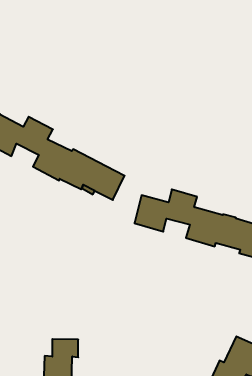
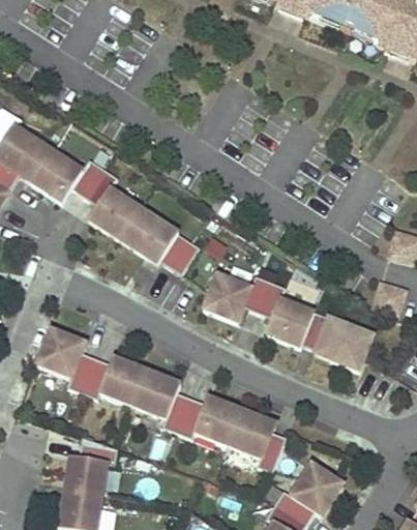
building: none -> [37,329,287,471]

